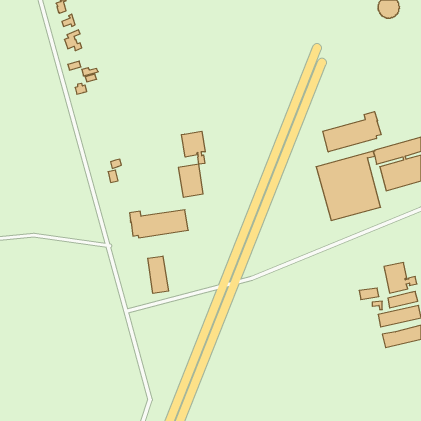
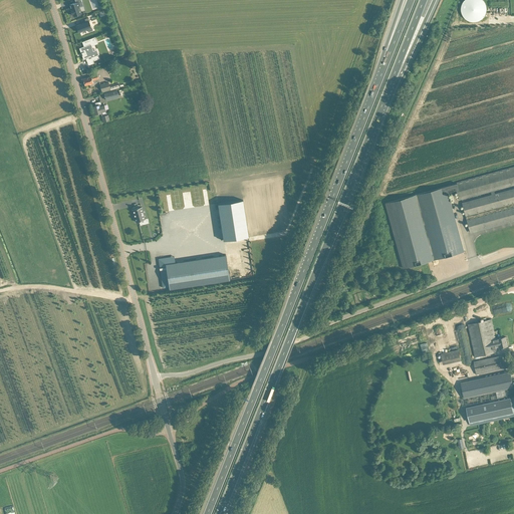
building: [323,112,381,152] -> none
building: [181,131,205,164] -> none
building: [148,256,169,293] -> none

